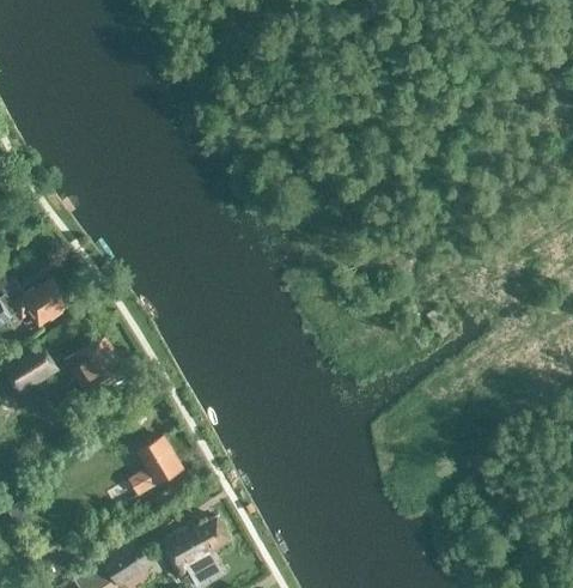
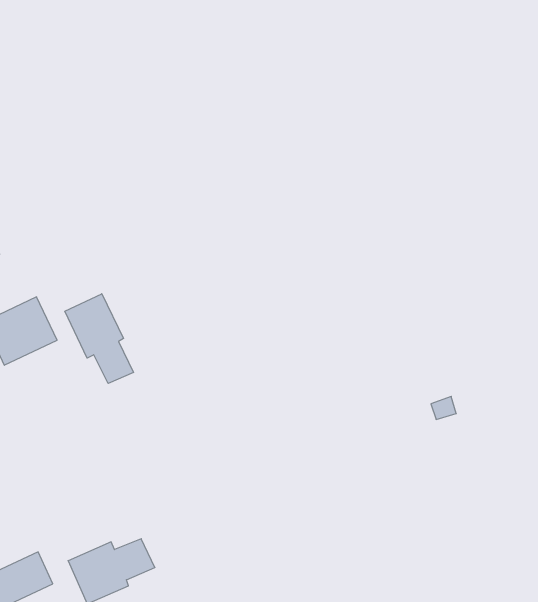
building: none -> [65,294,134,383]
building: [127,440,181,497] -> none

